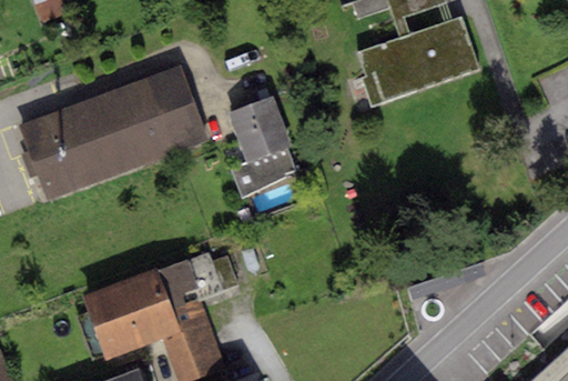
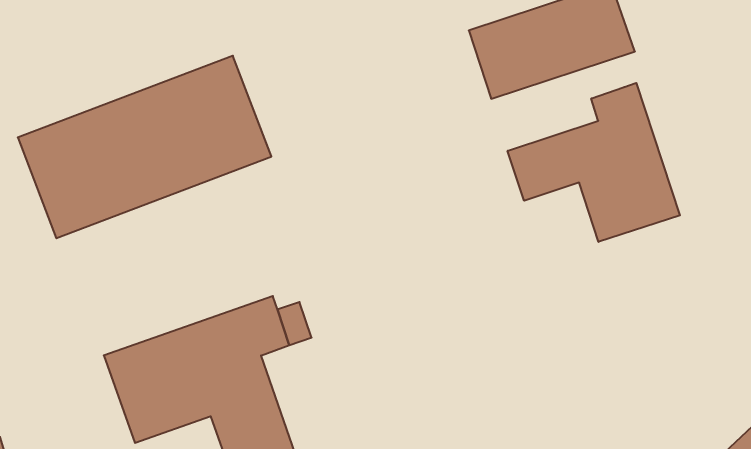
building: none -> [508,83,680,242]
building: [227,97,294,195] -> none

